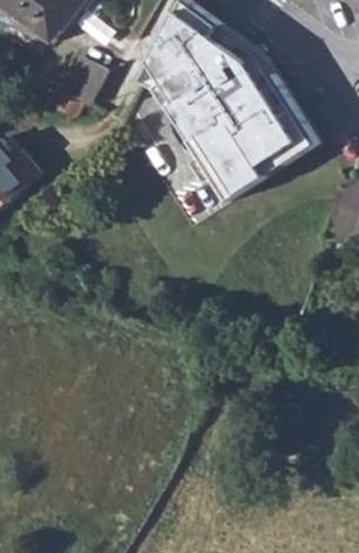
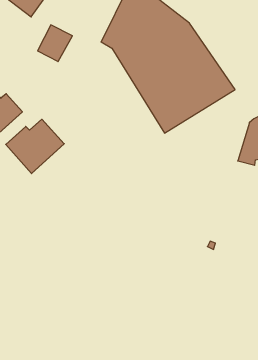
building: none -> [6,119,64,174]

